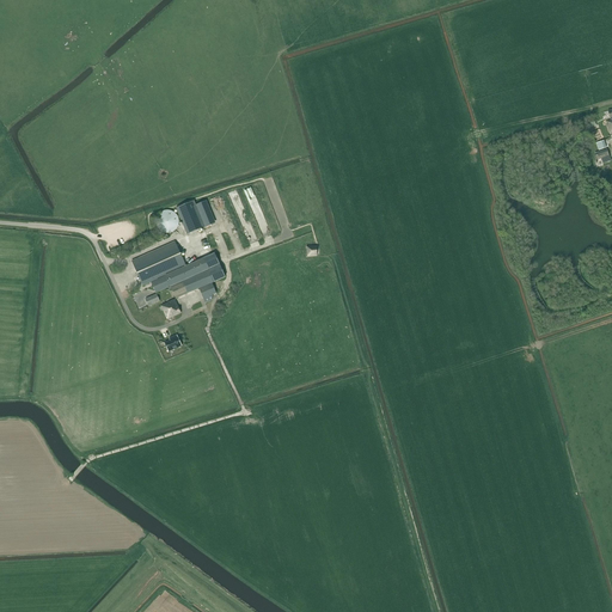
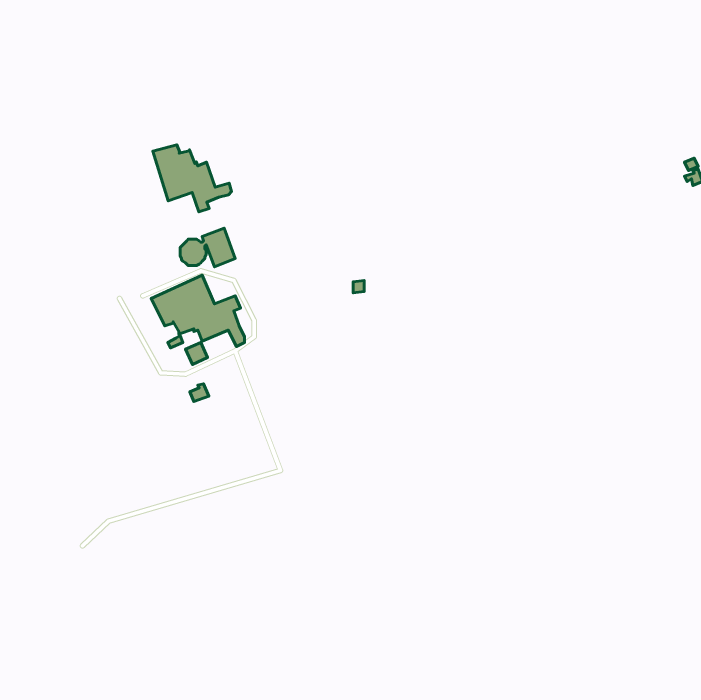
building: none -> [153,145,232,212]

